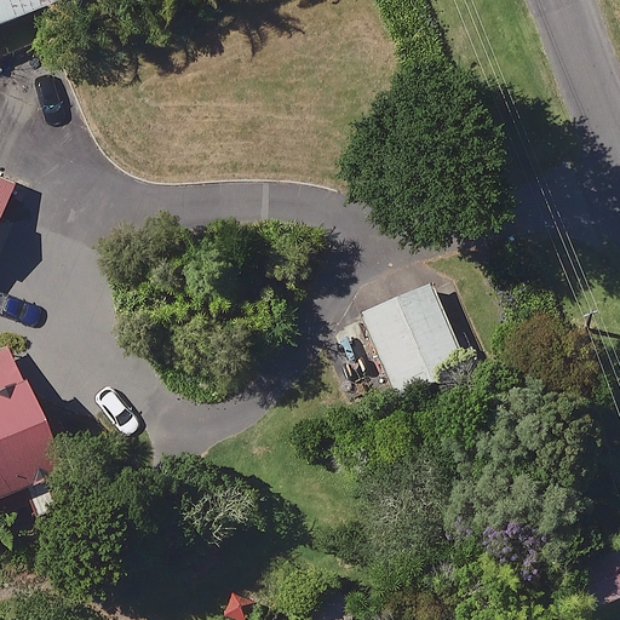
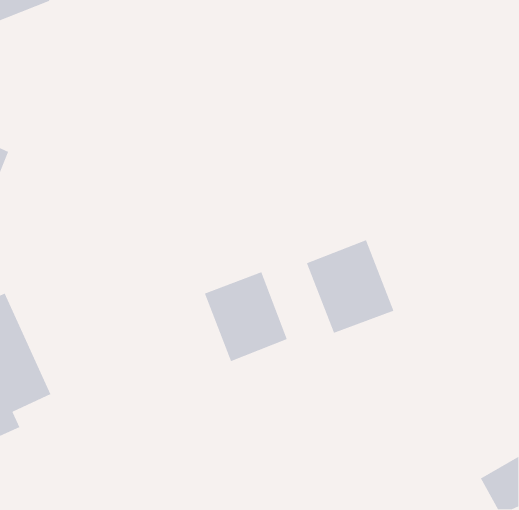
building: none -> [204,271,288,362]

